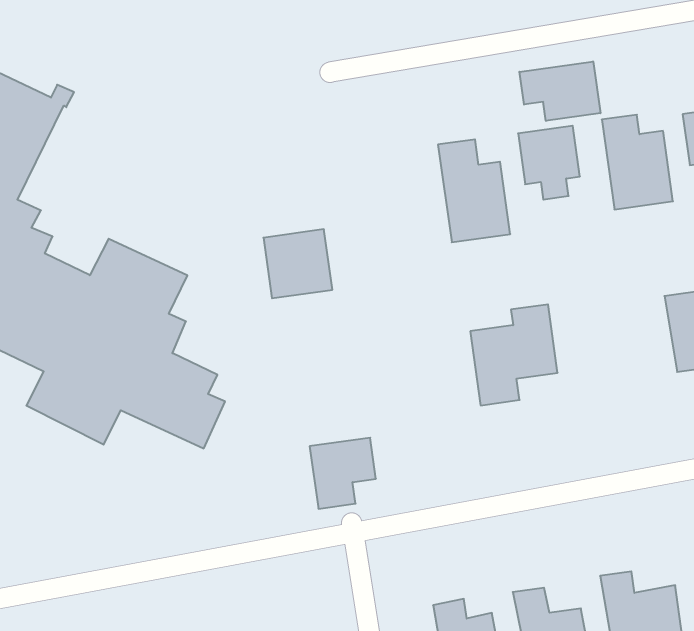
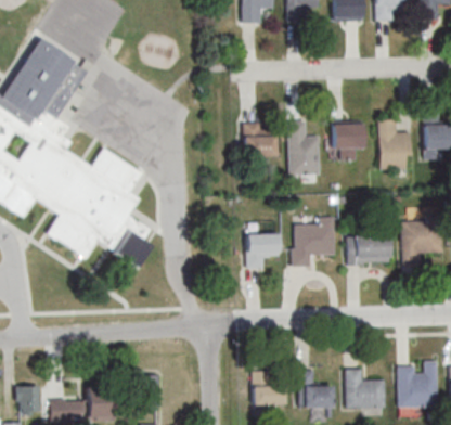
building: [519,61,600,121] -> none
building: [263,229,332,298] -> [243,124,276,157]
building: none -> [347,236,390,265]
building: [310,438,376,509] -> [246,234,280,269]

